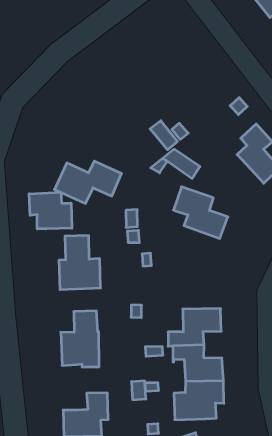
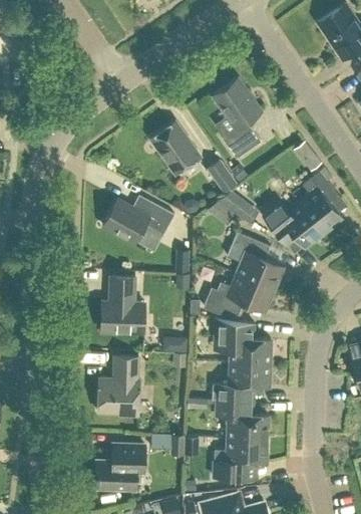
building: none -> [213,78,262,159]
building: none -> [151,121,200,174]
building: none -> [263,202,324,249]
building: [29,192,72,229] -> none
building: none -> [203,273,274,315]
building: none -> [215,317,271,363]

